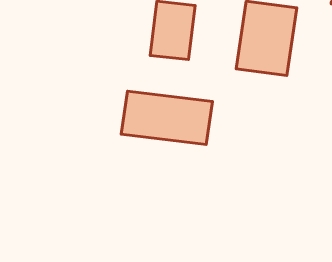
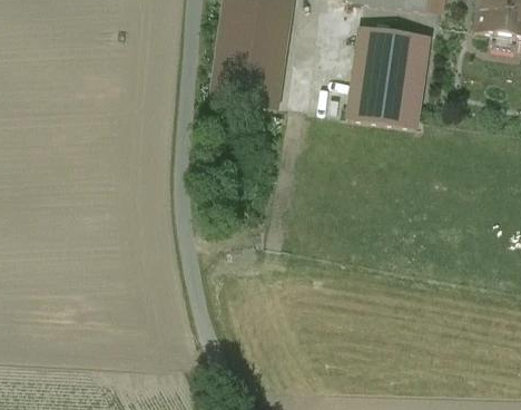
building: [121,91,213,144] -> none

